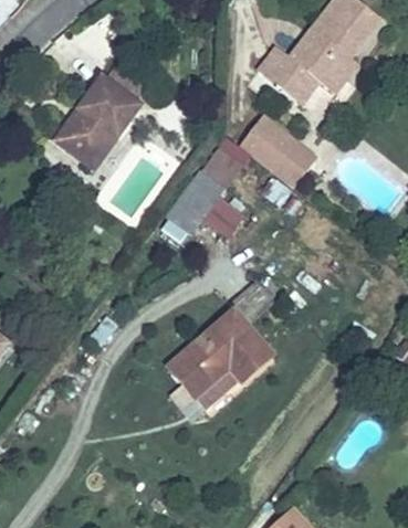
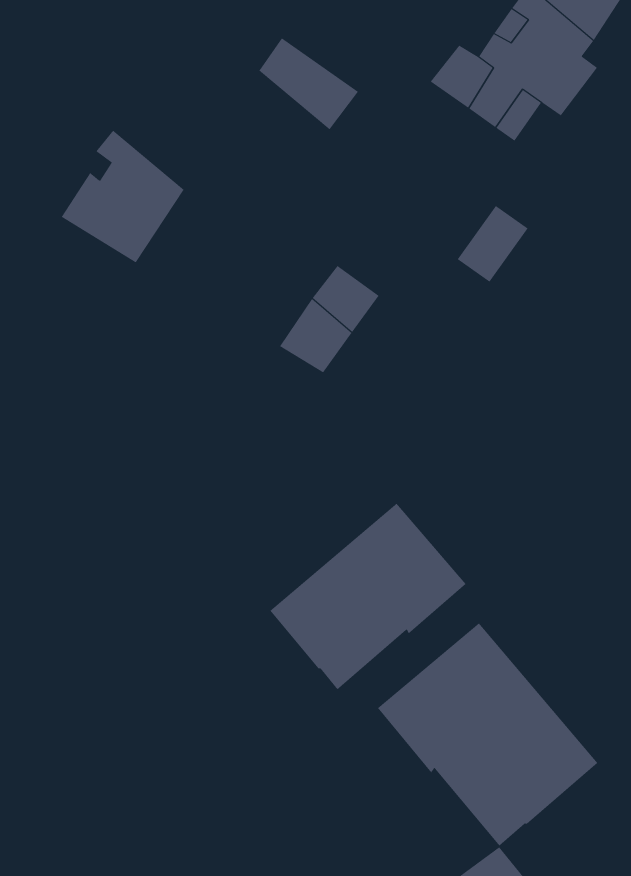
building: [79,76,136,129] -> [258,38,359,130]
building: [236,110,297,169] -> none
building: none -> [377,622,598,847]

